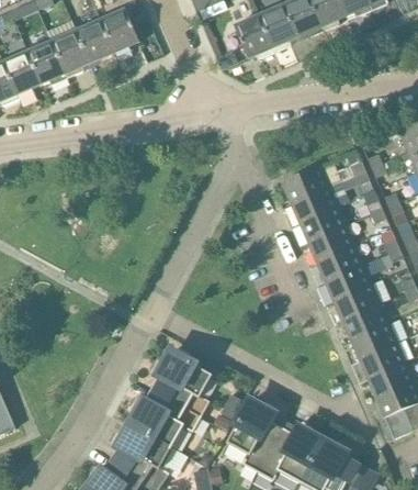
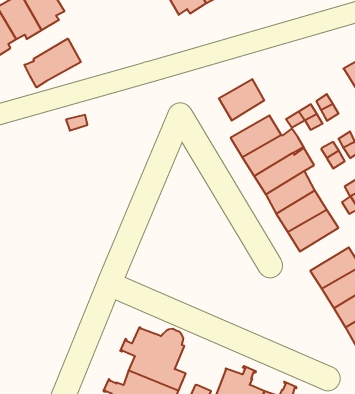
building: none -> [24,39,81,87]
building: none -> [219,79,264,121]
building: [332,280,380,318] -> none

